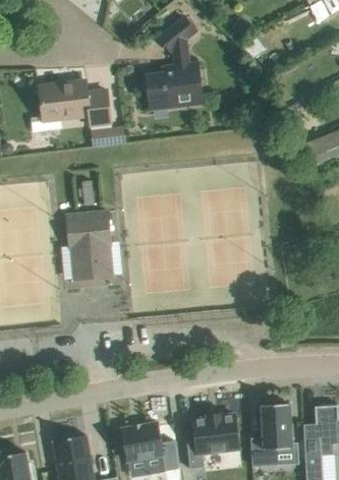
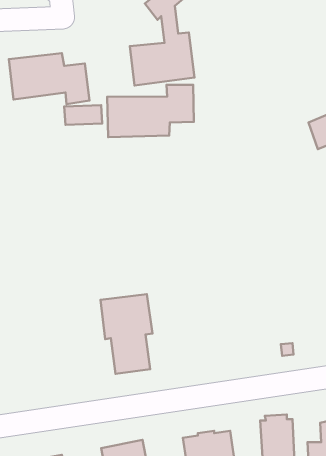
building: none -> [107,85,194,137]
building: [64,209,110,280] -> [101,294,152,374]

